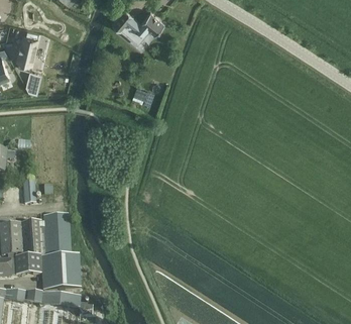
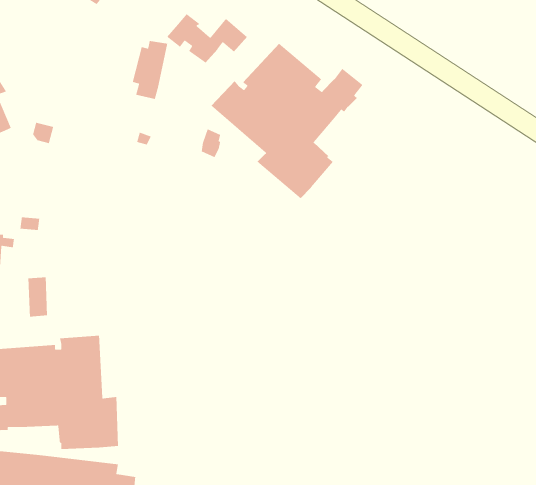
building: none -> [211,43,363,199]
building: [15,32,38,71] -> [132,40,168,100]

